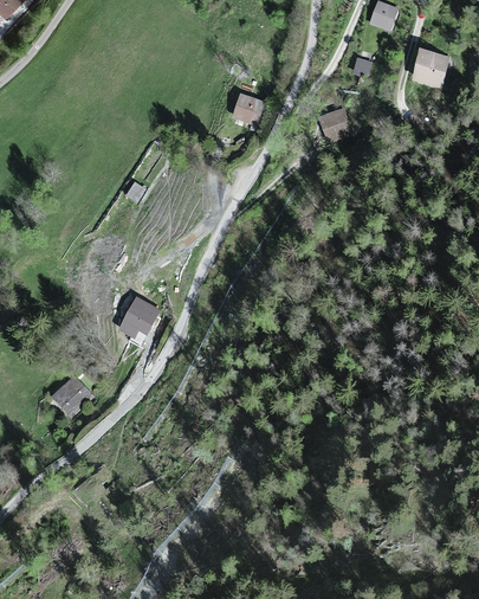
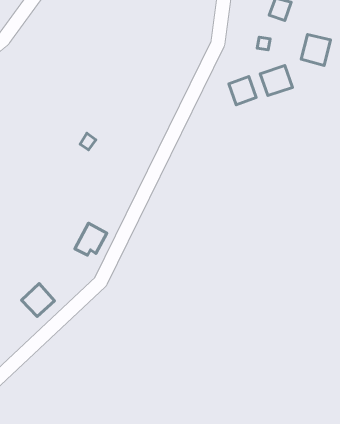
building: none -> [260,65,292,96]
building: [231,95,265,130] -> none

